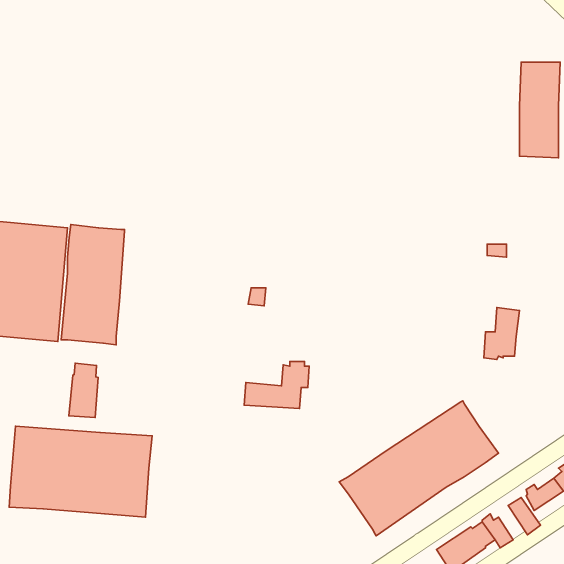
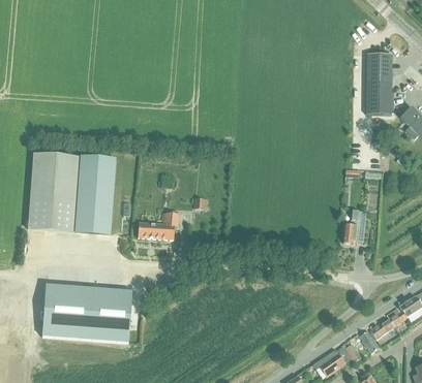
building: [244,361,309,409] -> [138,210,179,240]
building: [69,363,98,417] -> none
building: [339,401,499,536] -> none

